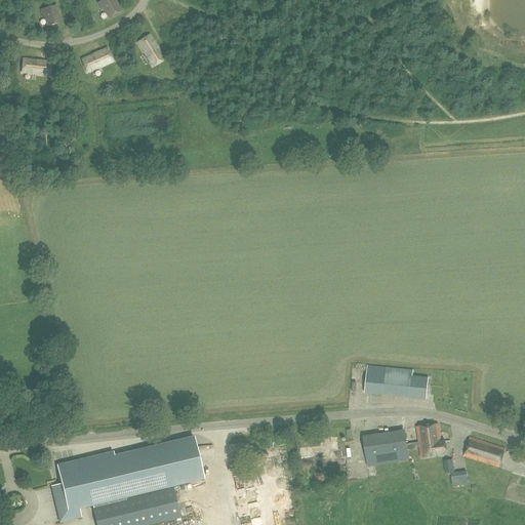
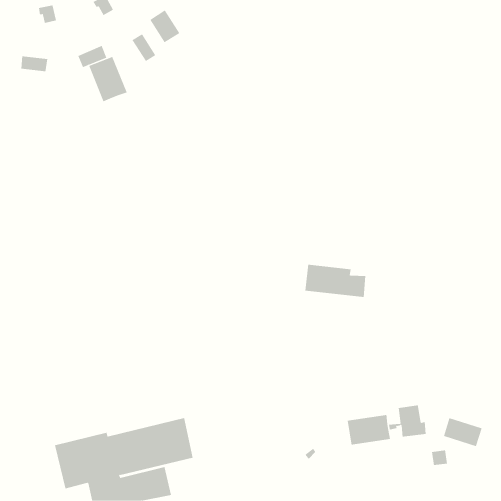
building: none -> [149,10,180,43]
building: none -> [88,56,127,102]
building: [363,364,428,399] -> [304,264,366,298]

